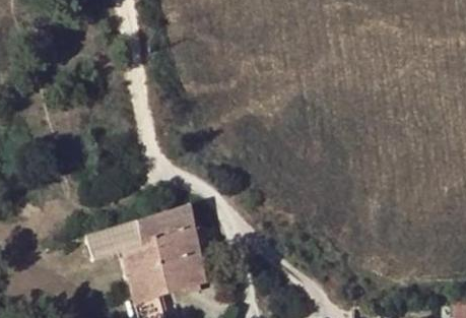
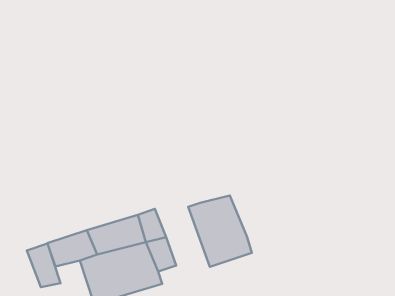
building: none -> [188,195,252,267]
building: none -> [27,244,60,287]

